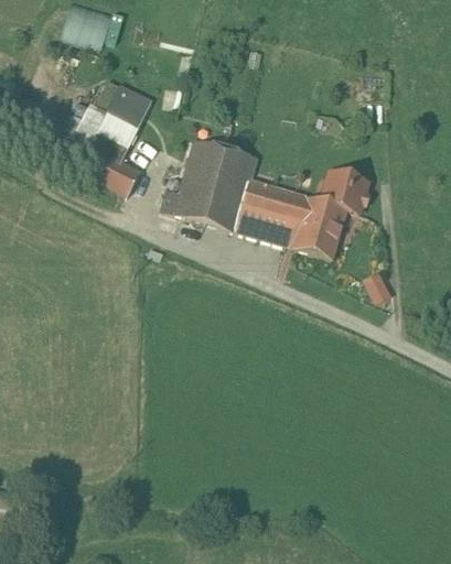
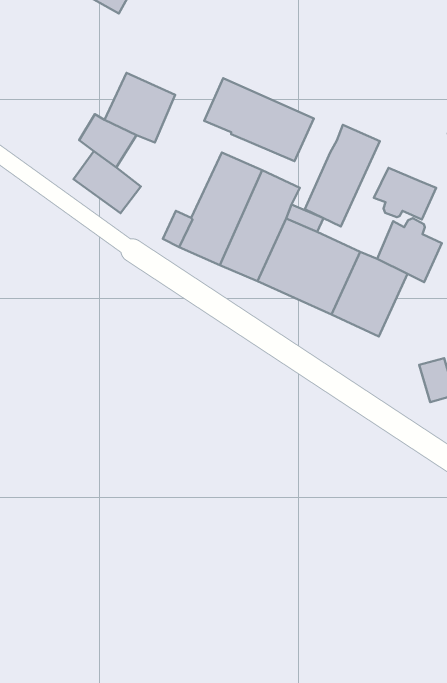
building: none -> [204,78,314,161]
building: none -> [305,125,380,226]
building: none -> [374,168,436,220]

